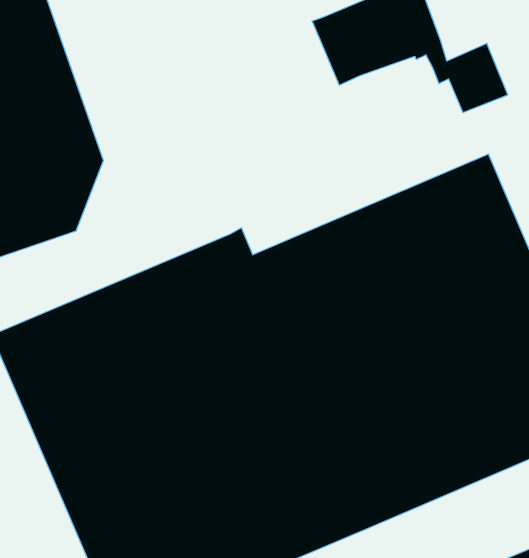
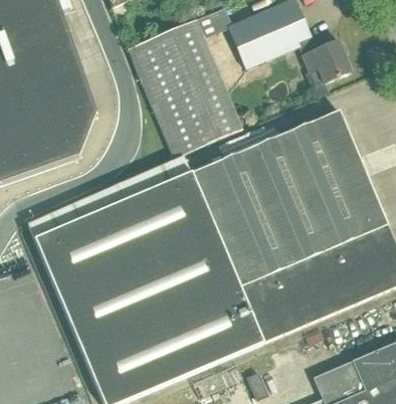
building: none -> [129,19,243,159]

